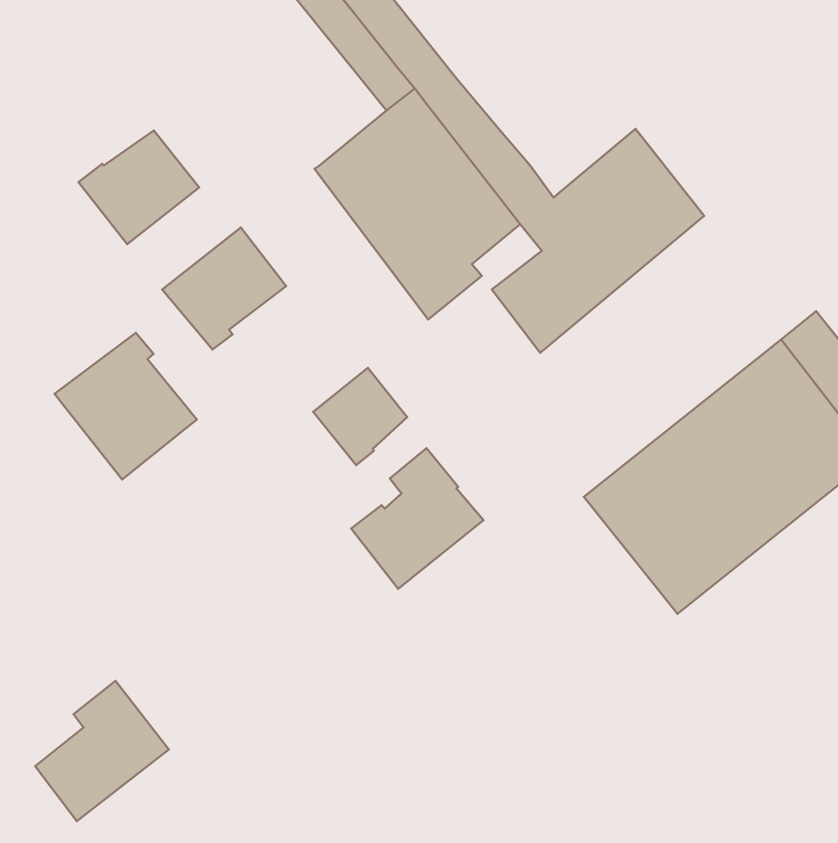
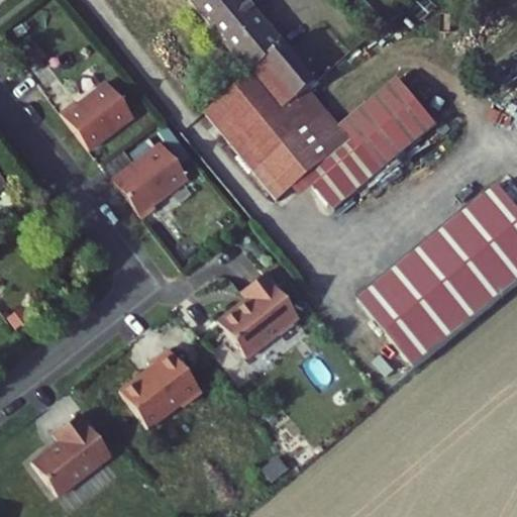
building: [54,333,197,480] -> none
building: [313,368,407,465] -> none
building: none -> [124,347,206,426]

